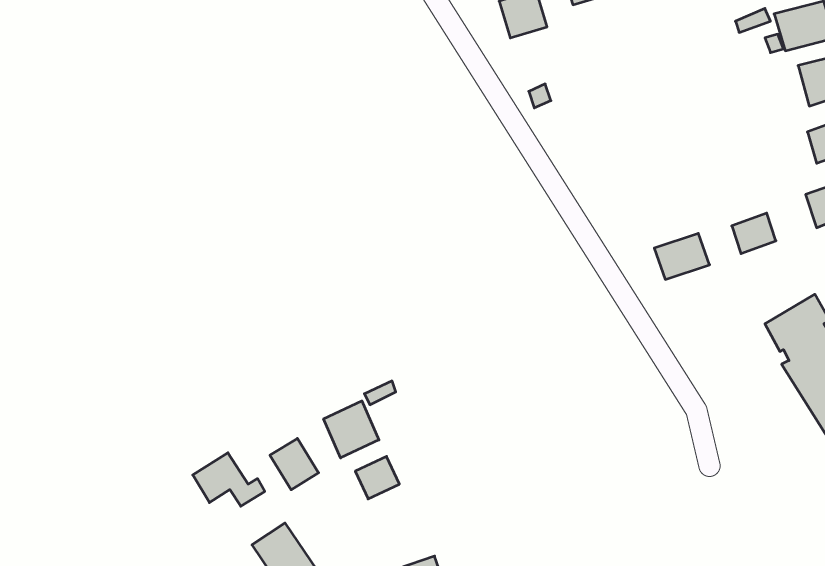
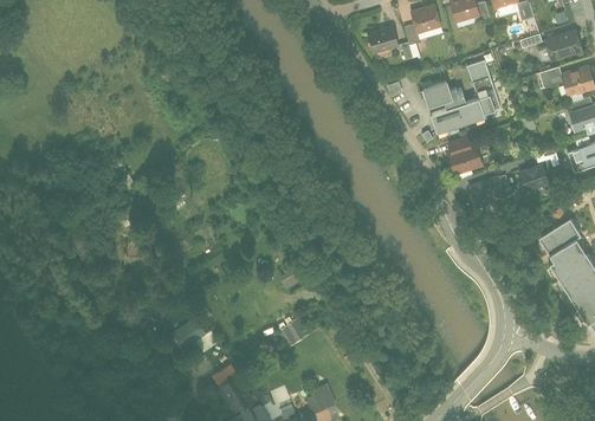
building: none -> [422,54,497,131]
building: none -> [448,136,484,175]
building: [324,401,379,458] -> none
building: [270,438,319,490] -> none

